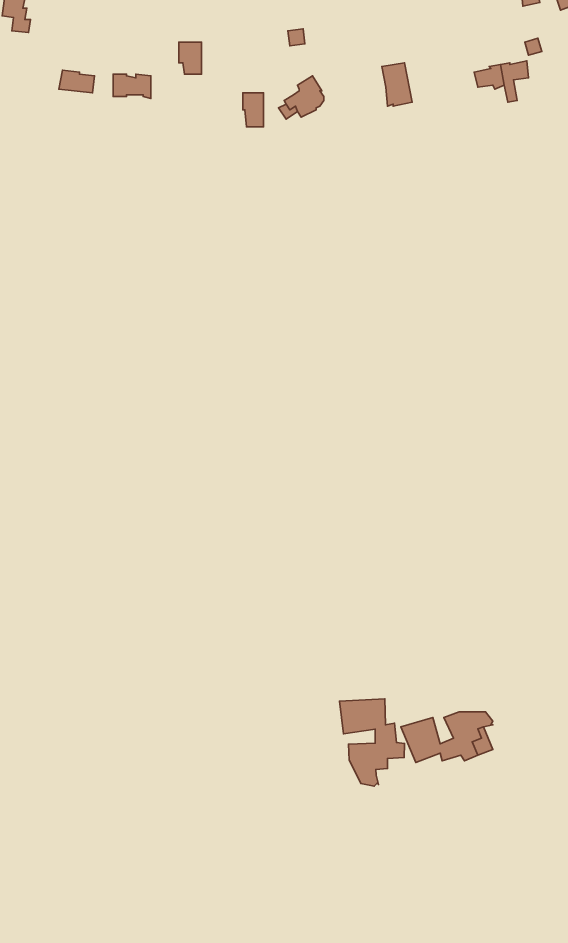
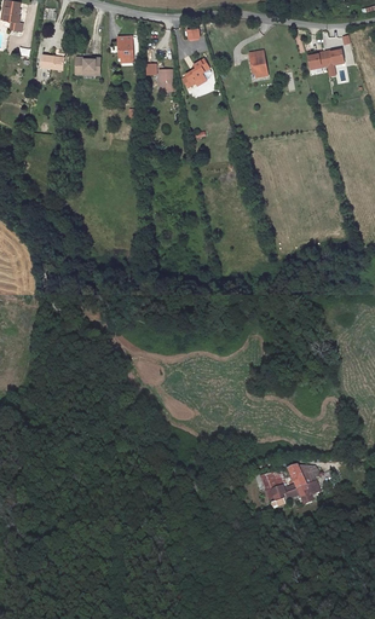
building: [340,699,404,786] -> none

